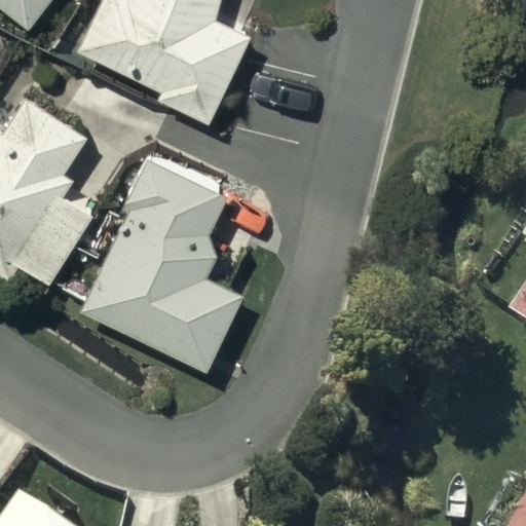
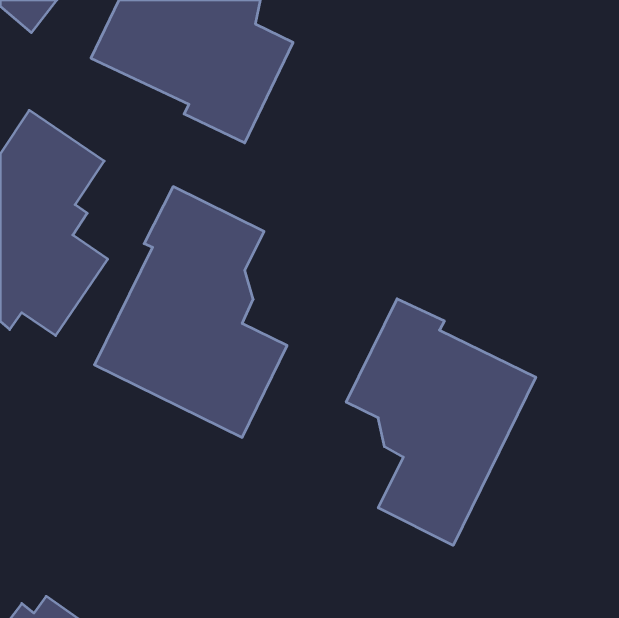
building: none -> [346,299,536,545]

